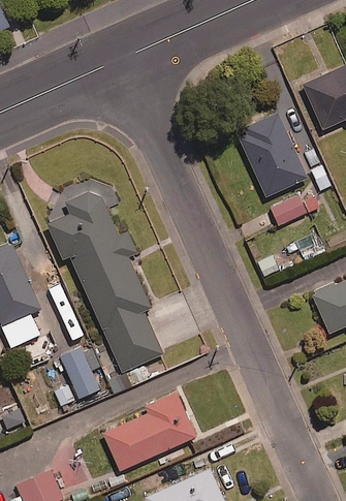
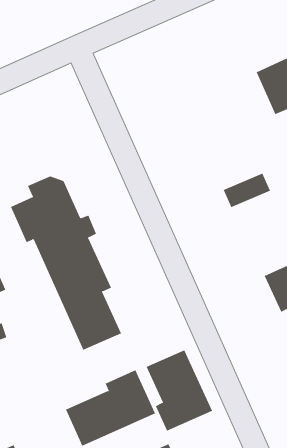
building: [232,114,303,197] -> none
building: [60,348,100,400] -> none
building: none -> [146,349,213,432]

